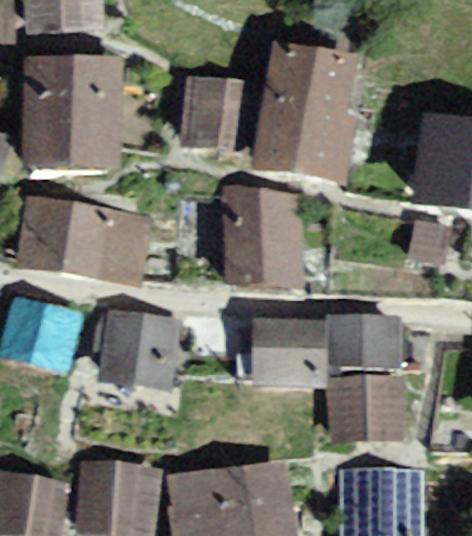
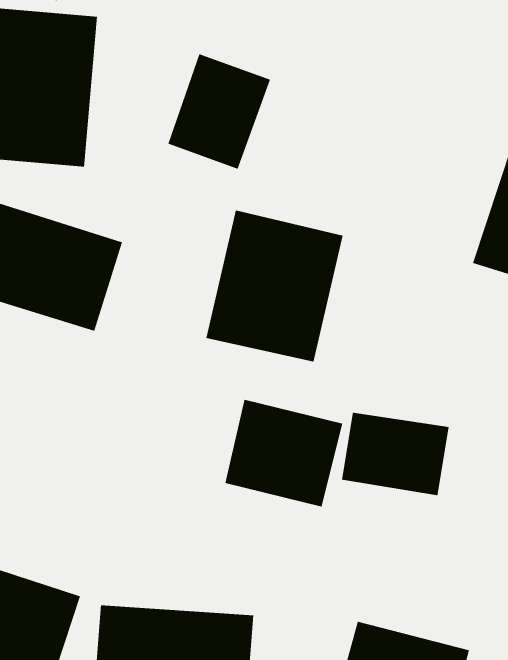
building: [229,44,343,185] -> none
building: [89,308,175,394] -> none
building: [326,375,399,447] -> none

